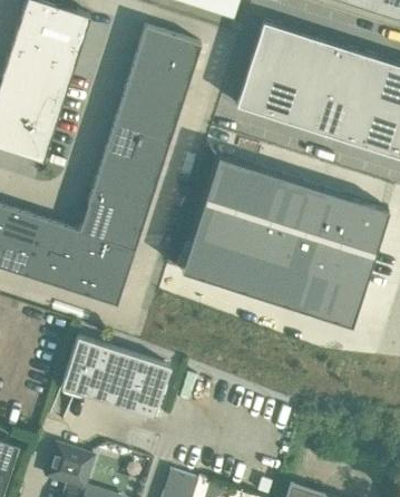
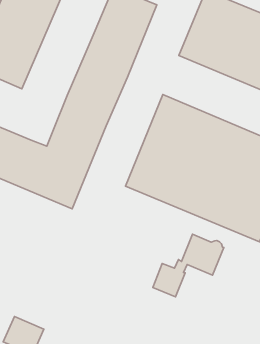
building: none -> [153,234,224,297]
building: [61,338,170,418] -> none

